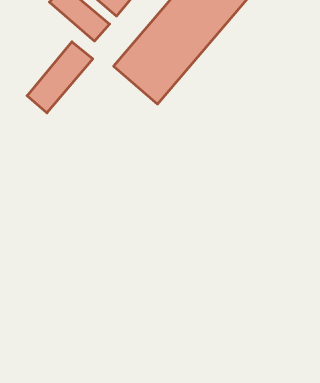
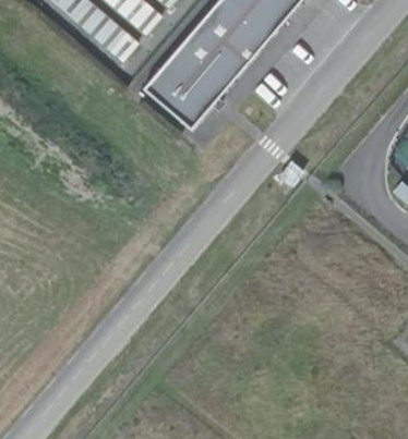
building: [27,42,93,113] -> none

